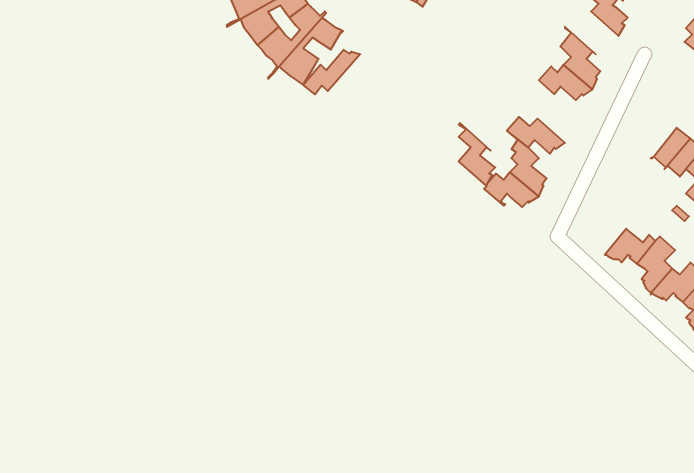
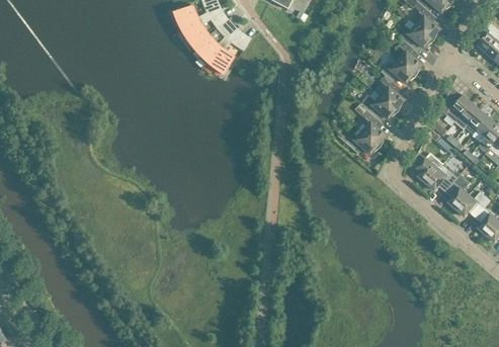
building: none -> [398,25,433,54]
building: [303,50,360,94] -> none
building: none -> [441,92,472,121]
building: [459,123,495,186] -> [380,71,404,112]
building: none -> [413,152,443,186]

